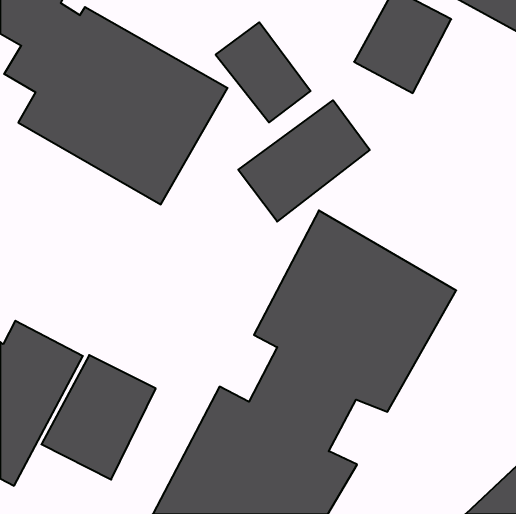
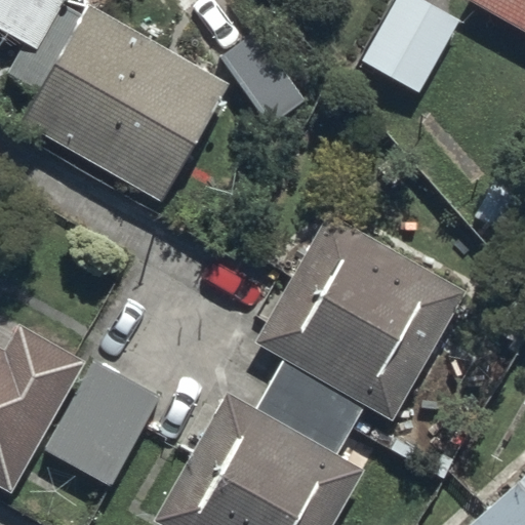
building: [238,100,370,222] -> none

